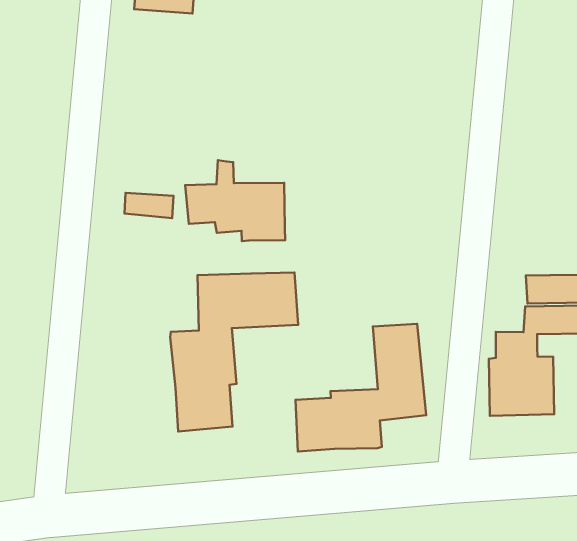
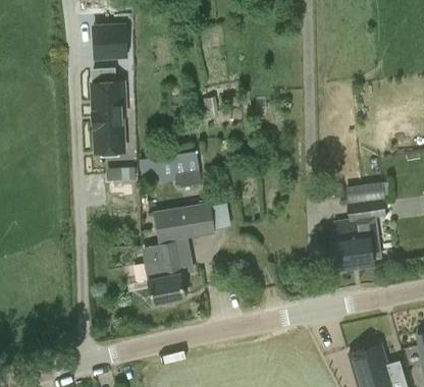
building: none -> [93,69,125,153]
building: [295,324,426,451] -> none

